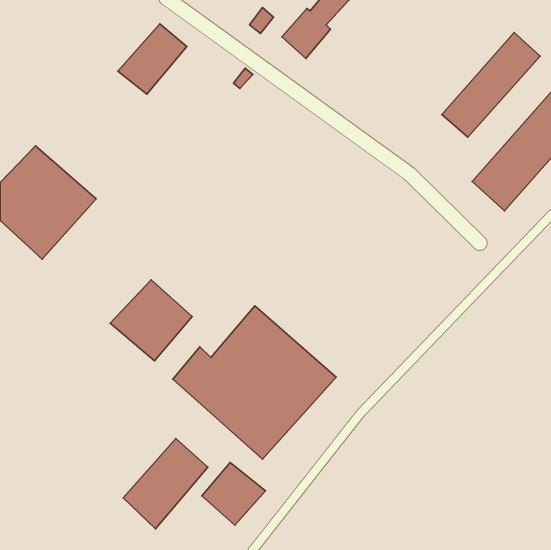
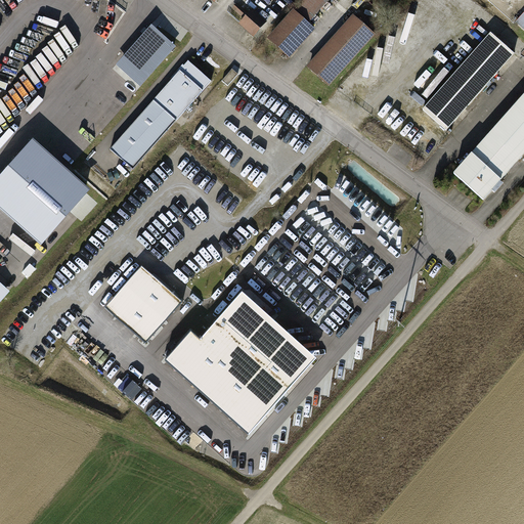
building: none -> [305,14,373,86]
building: none -> [112,58,212,167]
building: [123,439,208,529] -> none
building: [202,463,265,525] -> none

